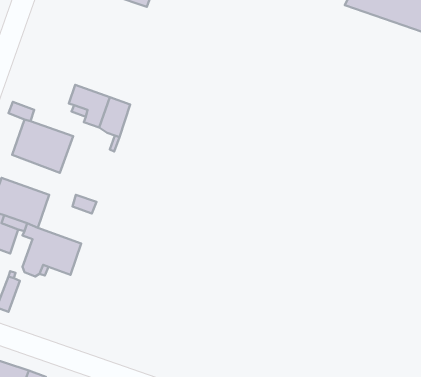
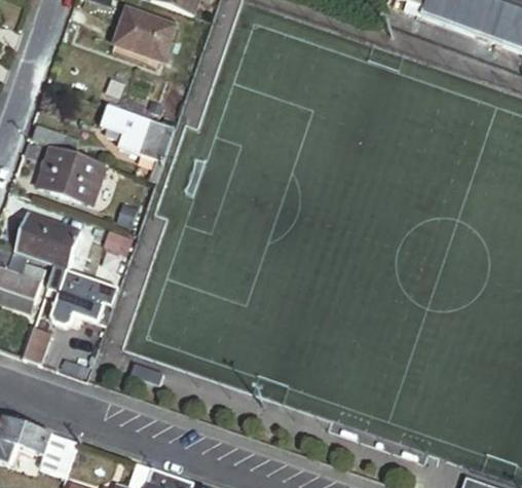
building: none -> [109,16,179,74]

